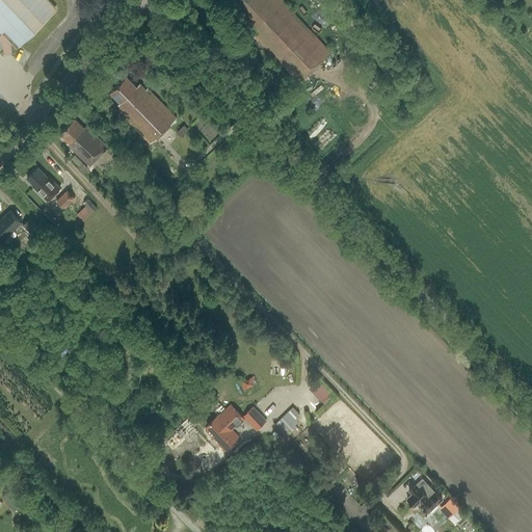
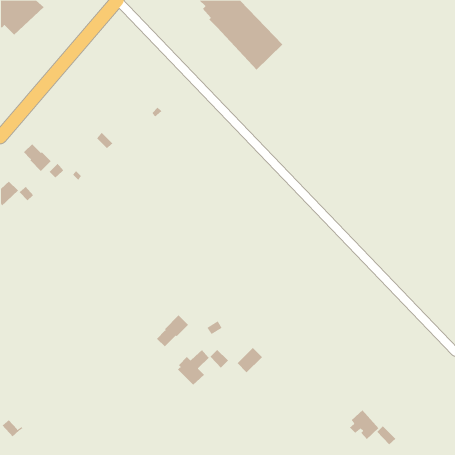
building: [110,76,176,142] -> none
building: [60,119,108,167] -> none
building: none -> [156,315,189,347]

